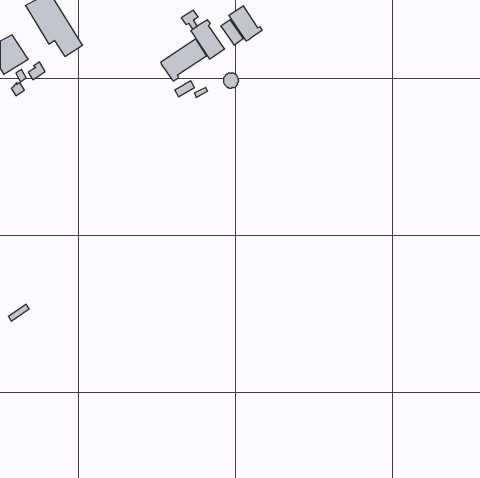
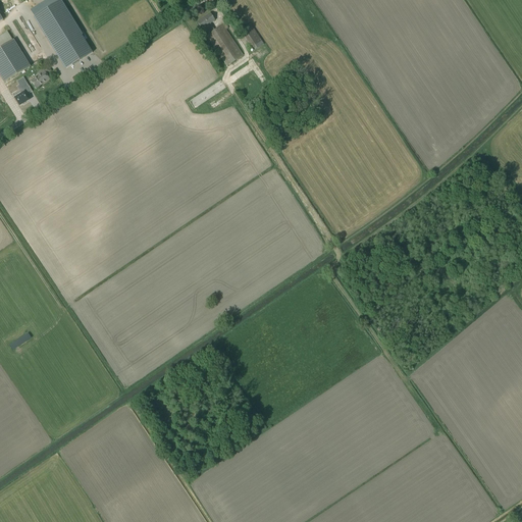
building: [229,6,262,41] -> none
building: [161,39,207,81] -> none

